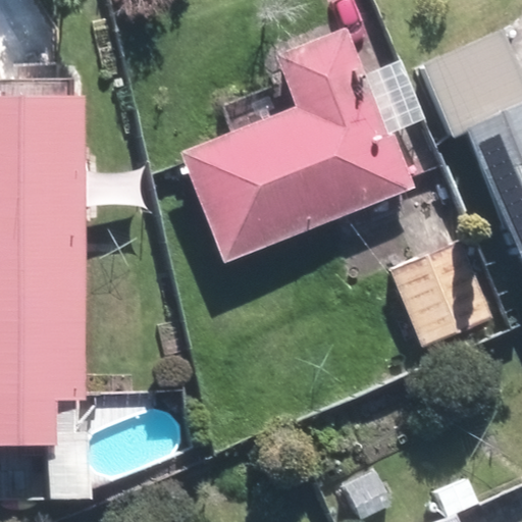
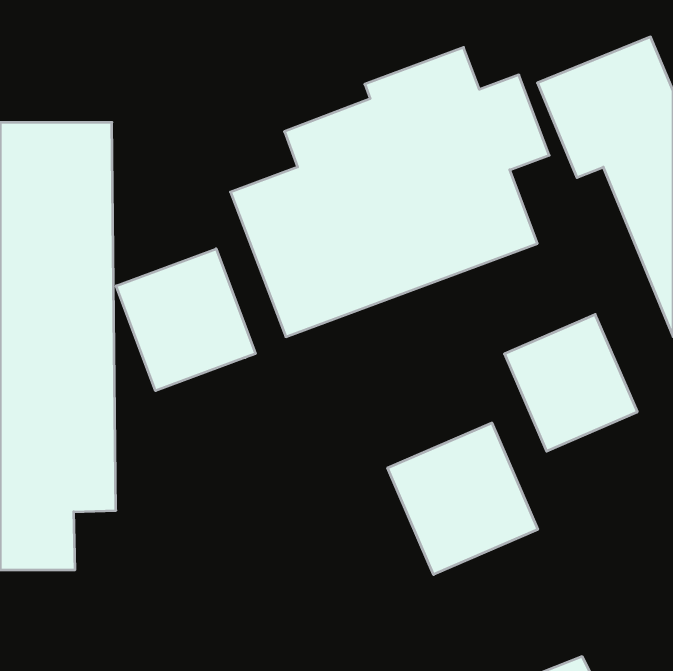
building: none -> [116,249,255,391]
building: none -> [388,423,538,575]

